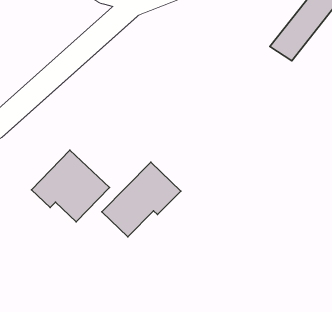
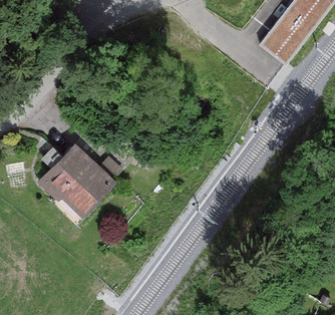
building: [102,162,181,237] -> none

